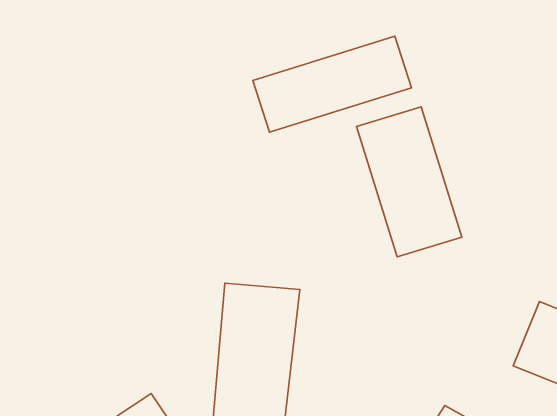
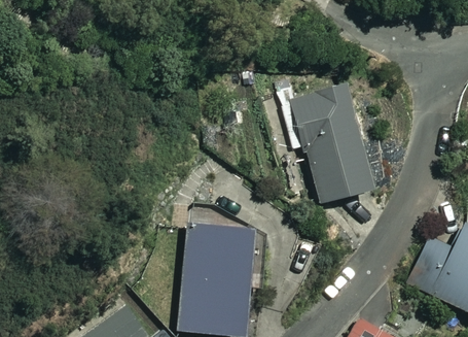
building: [253,36,411,132] -> none

